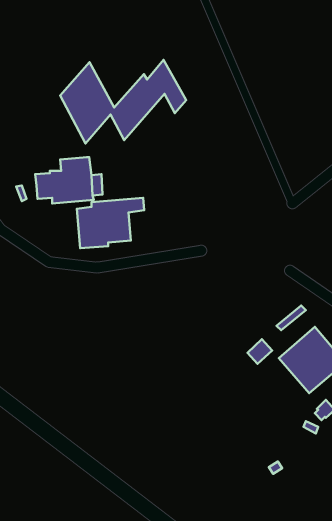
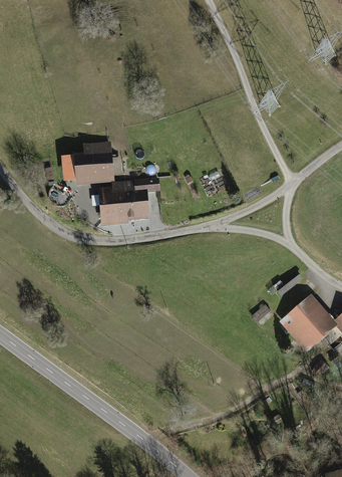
building: [60,60,186,144] -> none

